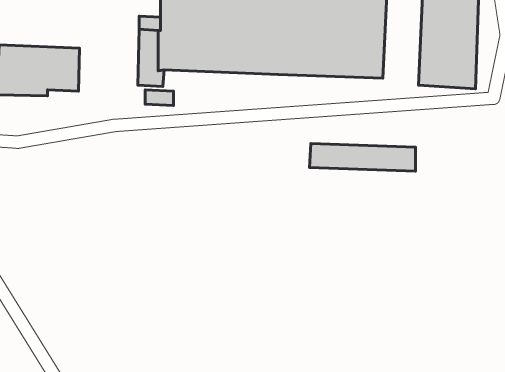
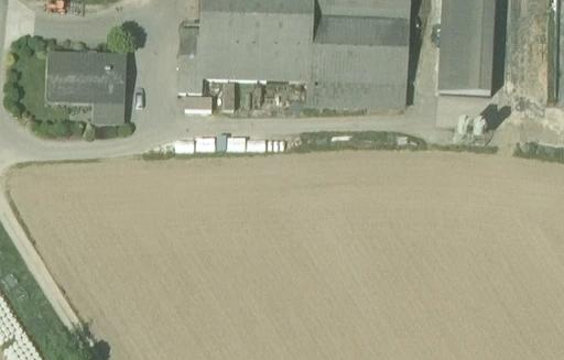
building: none -> [95,96,123,122]
building: [310,144,415,171] -> [307,81,405,107]

